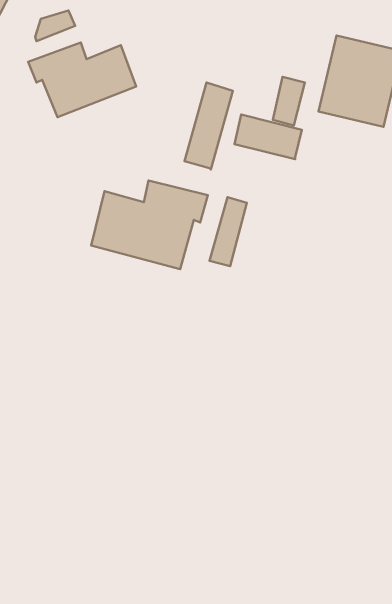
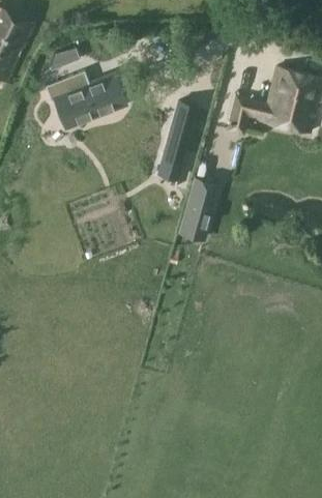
building: [235,115,302,159] -> none
building: [91,180,208,269] -> none

